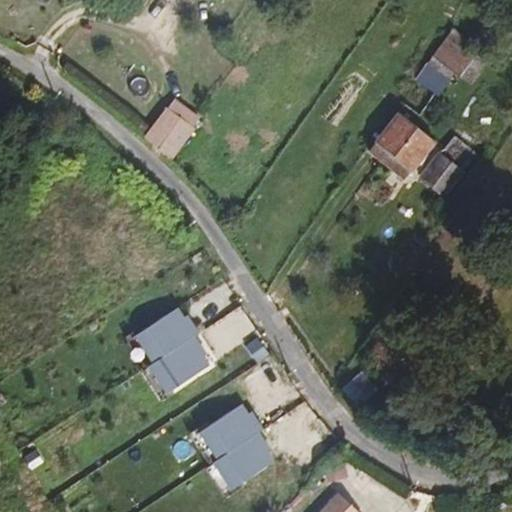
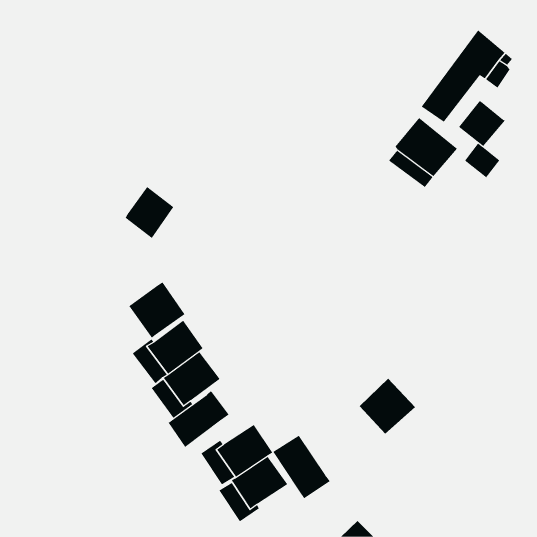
building: [147,107,194,157] -> [125,186,174,239]
building: [420,151,465,195] -> [458,100,506,147]
building: none -> [128,282,186,339]
building: none -> [168,391,229,448]
building: none -> [272,435,331,499]

